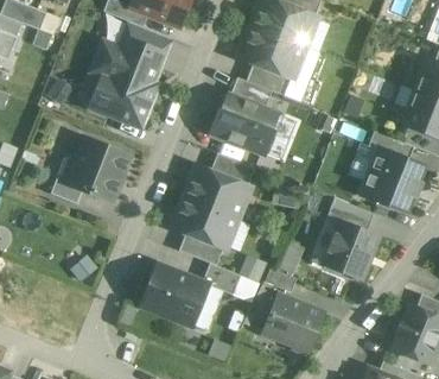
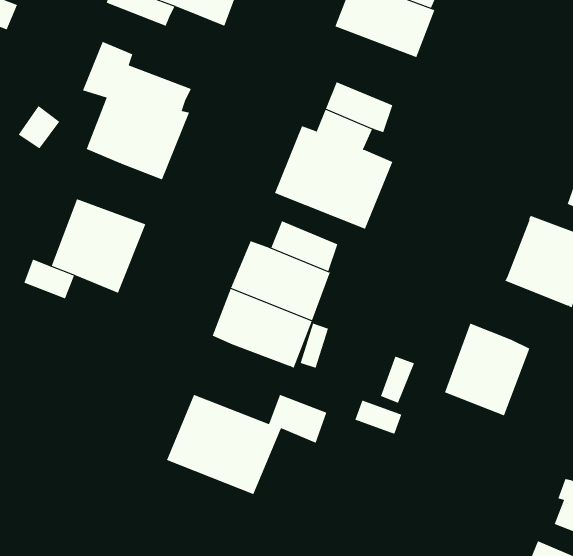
building: [119,20,170,65] -> none
building: [240,25,305,76] -> none
building: [326,195,374,228] -> none
building: [178,232,223,264] -> none
building: [262,292,324,353] -> none

